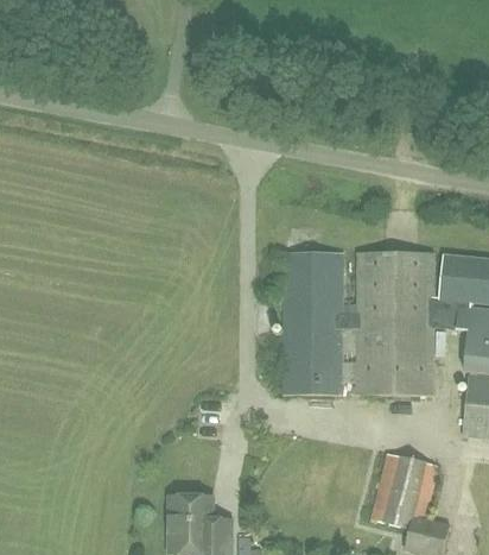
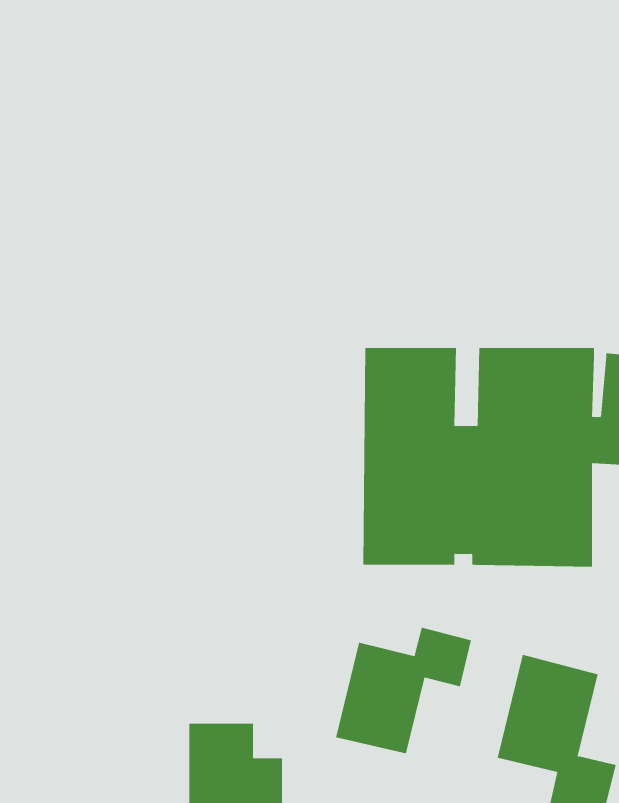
building: none -> [335,627,471,754]

